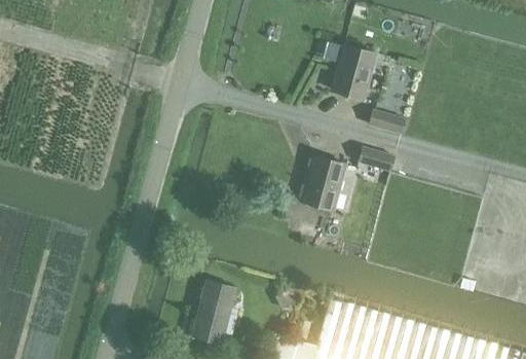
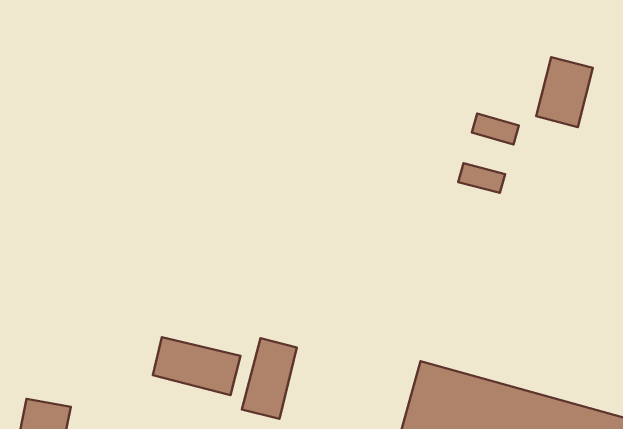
building: [332,44,375,98] -> [536,57,593,127]
building: [302,155,345,209] -> none
building: none -> [153,337,240,395]

